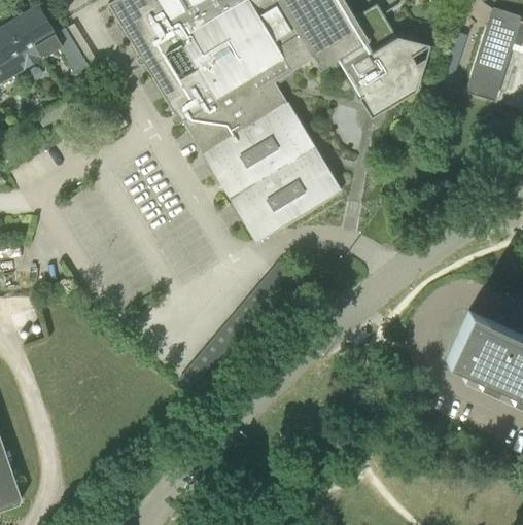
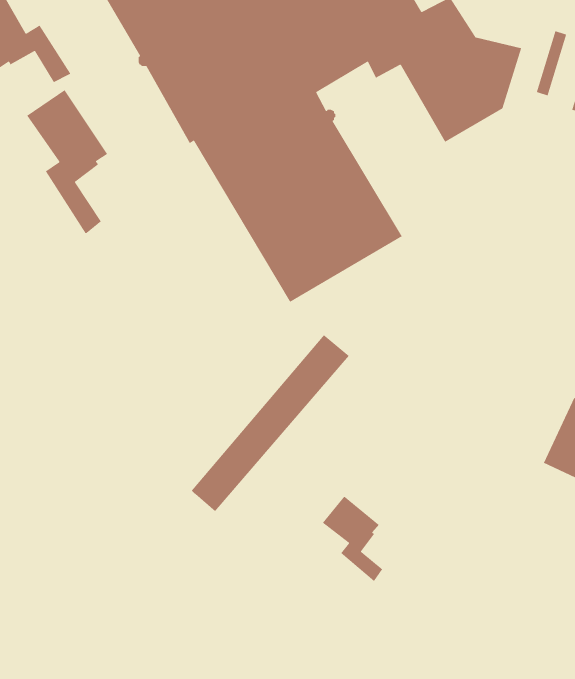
building: none -> [26,89,108,234]
building: none -> [322,496,383,582]

